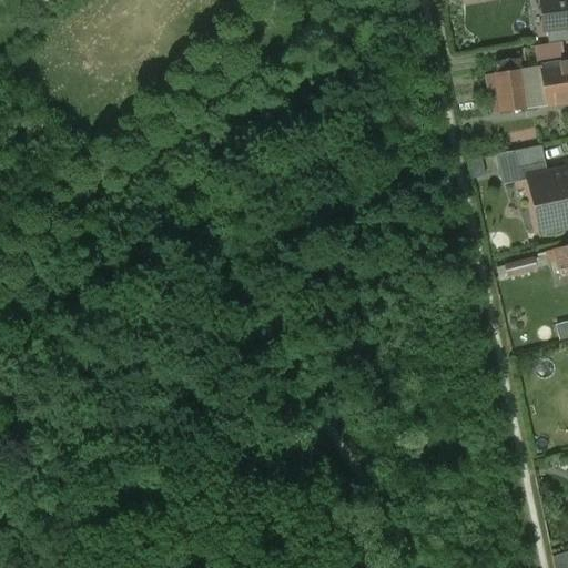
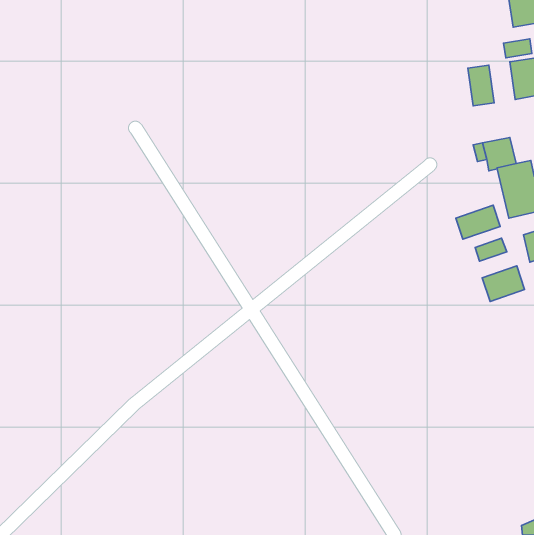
building: [519,65,547,109] -> none
building: none -> [456,205,500,239]
building: none -> [482,266,525,302]

